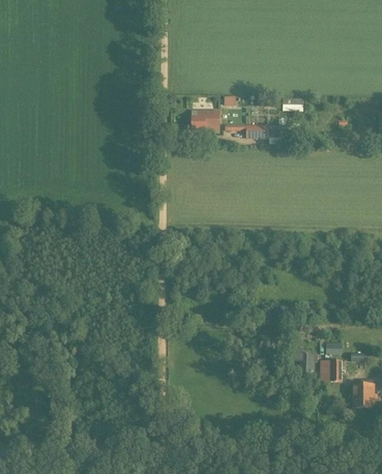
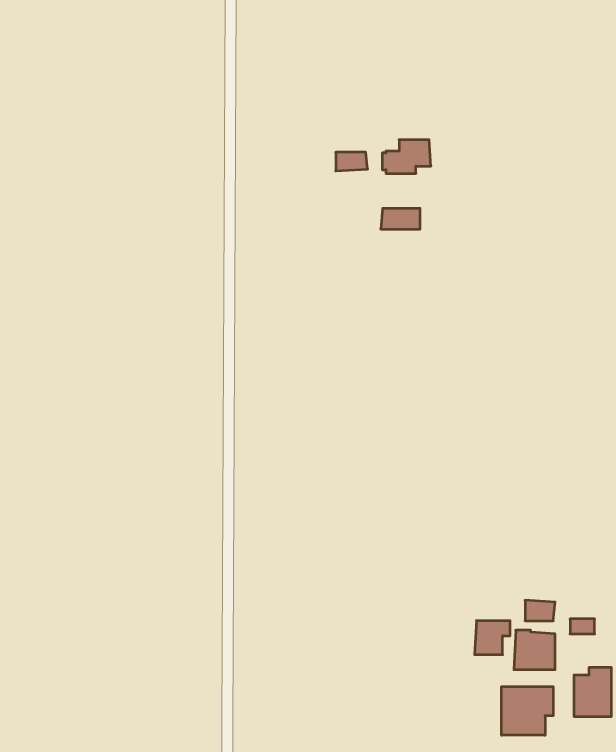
building: [189,111,216,129] -> [382,140,431,173]
building: none -> [502,687,553,735]

